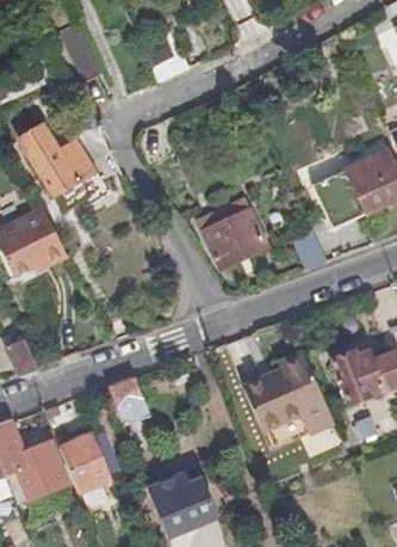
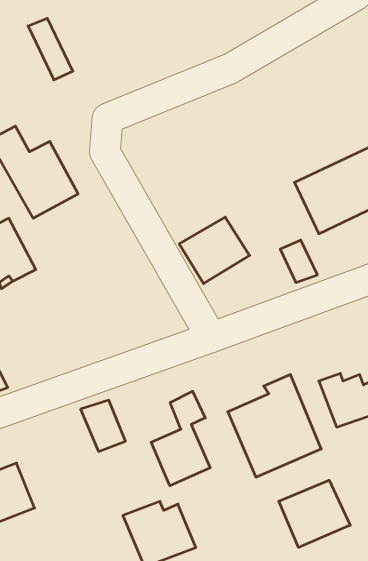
building: none -> [151,391,210,486]
building: [60,430,112,490] -> none
building: none -> [279,480,350,547]

